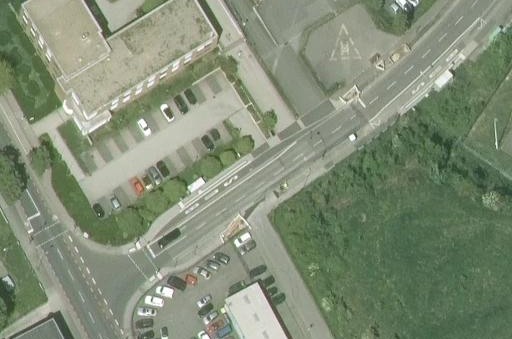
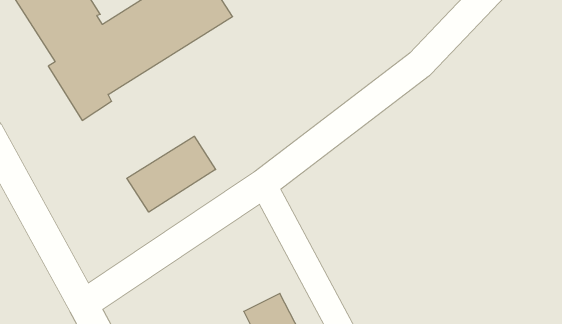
building: none -> [127,136,216,212]

